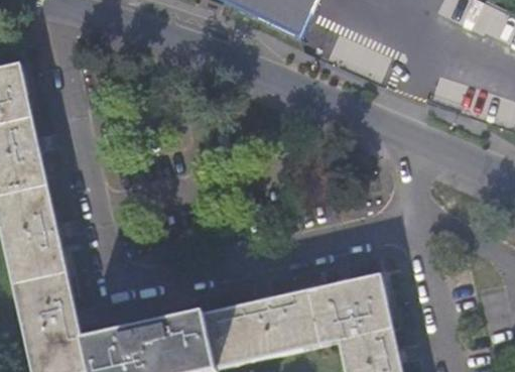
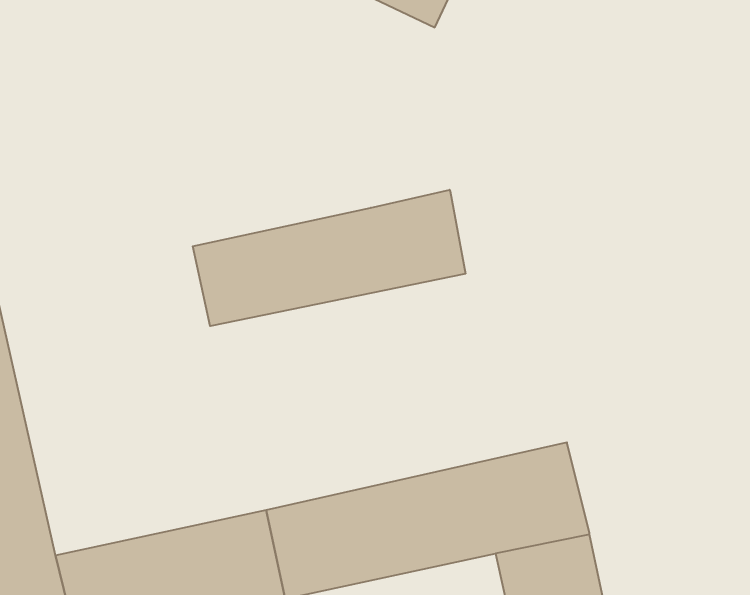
building: none -> [193,190,465,326]

